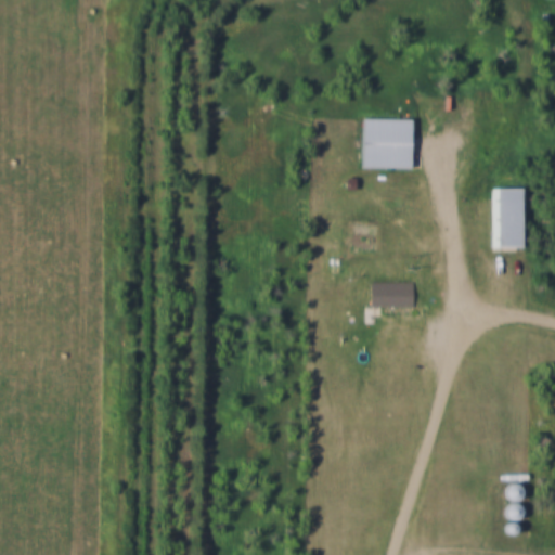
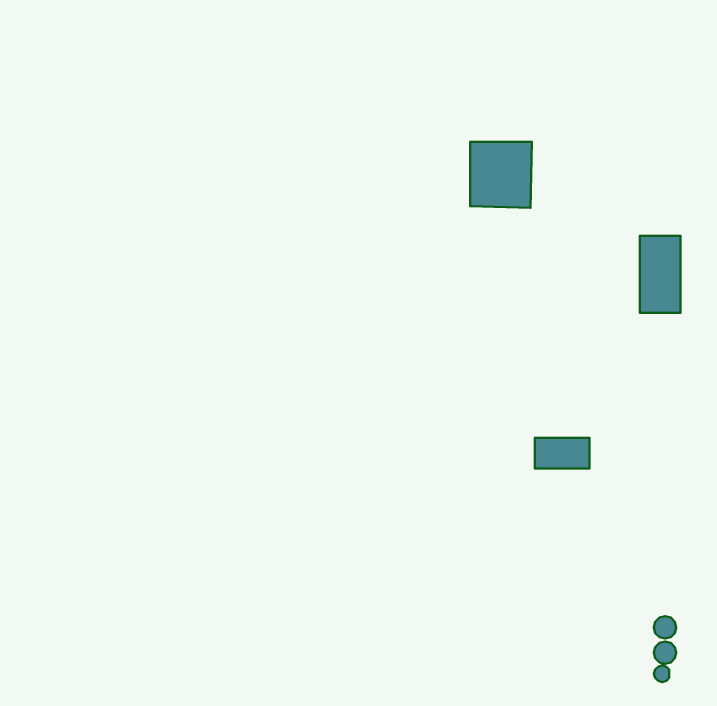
building: [371,283,413,307] -> [535,438,589,469]

